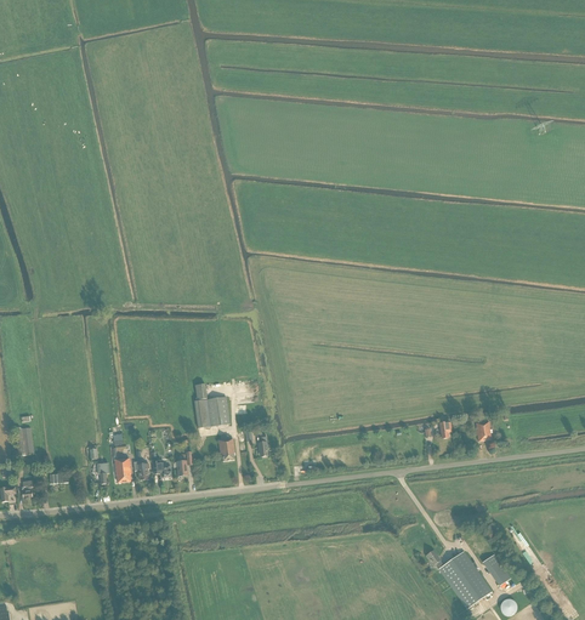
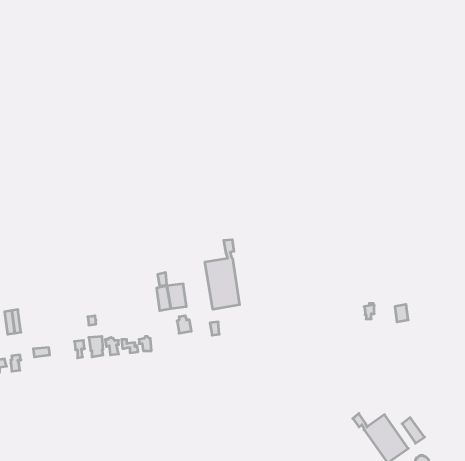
building: none -> [205,240,240,309]

